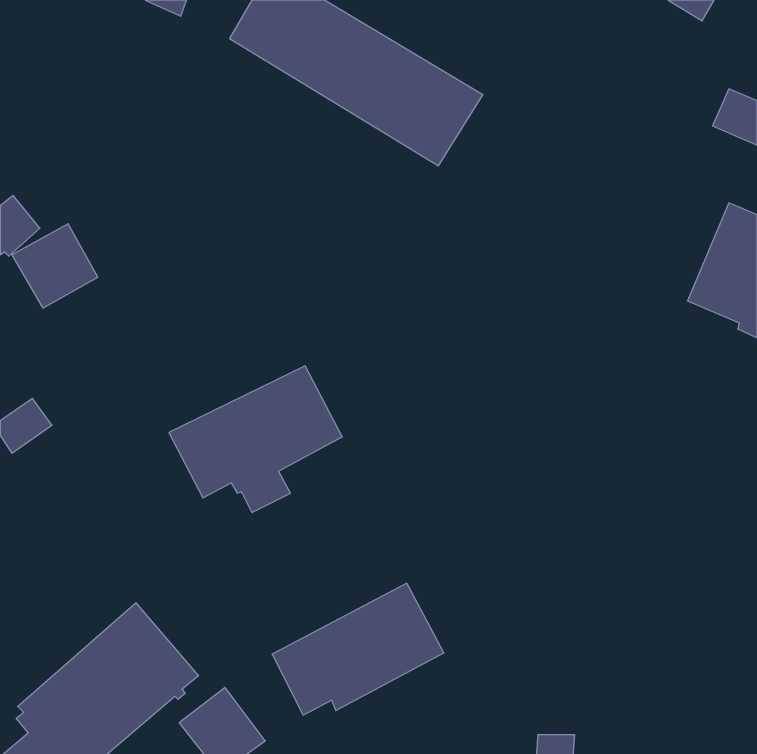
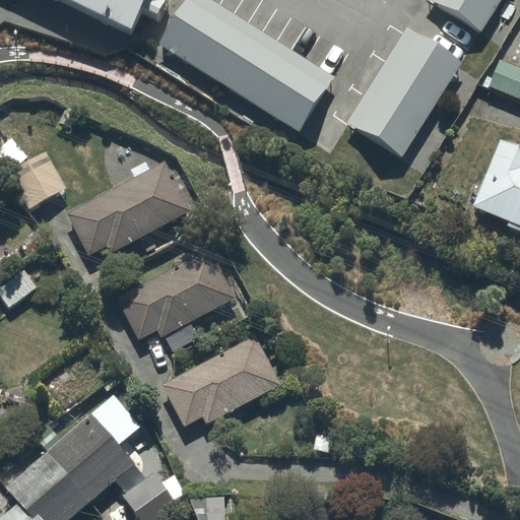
building: none -> [346,21,455,141]
building: none -> [68,165,192,258]
building: [272,583,444,715] -> [164,338,281,429]

